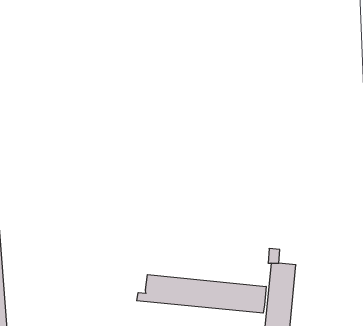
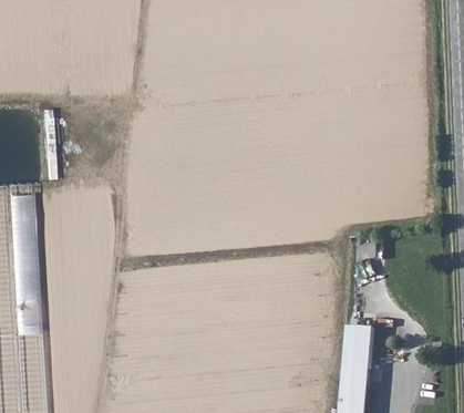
building: [137,275,266,313] -> none

